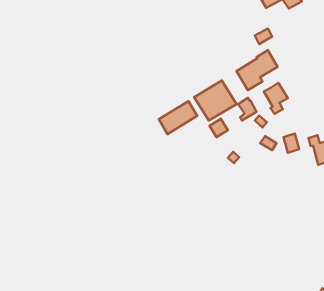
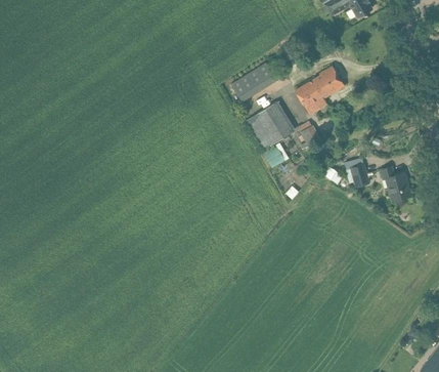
building: [264,83,288,114] -> none
building: [159,101,197,134] -> [231,63,276,101]

